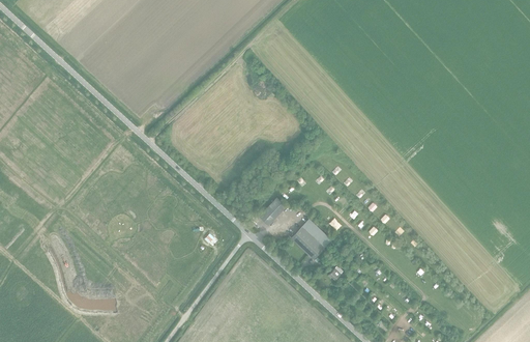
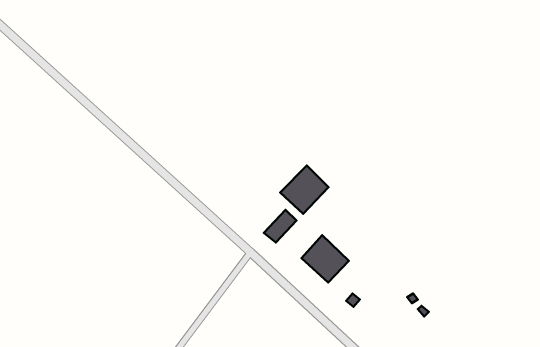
building: none -> [280,165,329,214]

